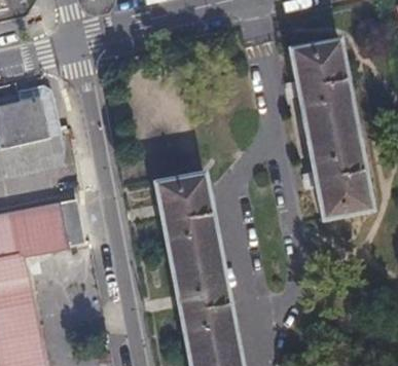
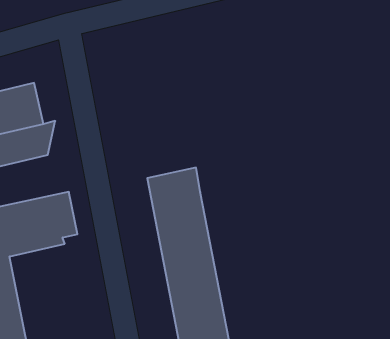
building: [293,43,369,218] -> none

